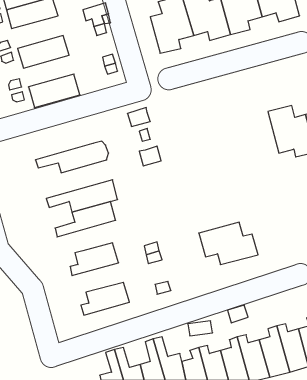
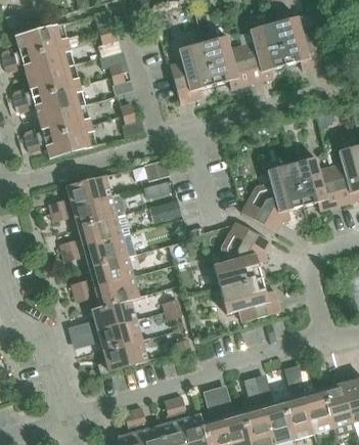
building: none -> [26,63,79,97]
building: none -> [38,104,90,137]
building: none -> [240,163,302,231]
building: none -> [48,175,110,213]
building: none -> [59,213,130,253]
building: none -> [213,221,270,288]
building: none -> [73,275,139,307]
building: none -> [88,319,141,350]

